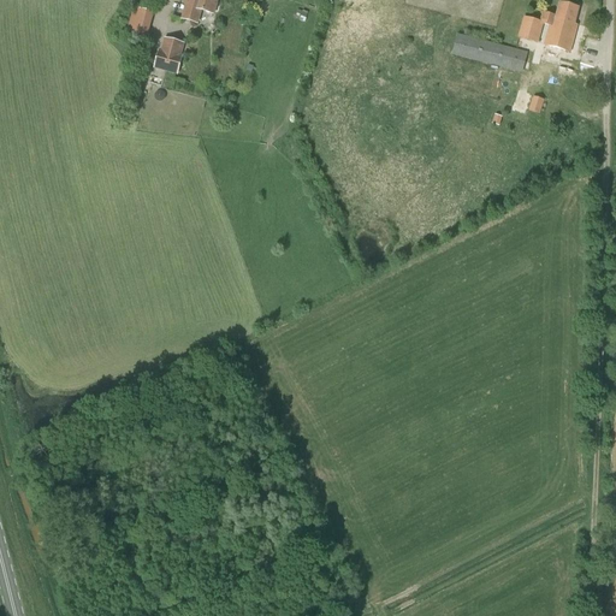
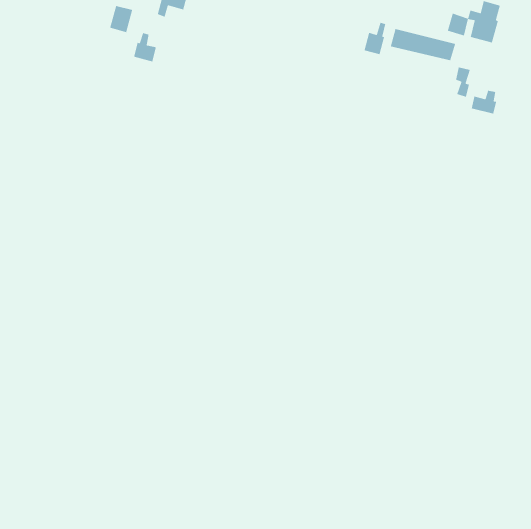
building: none -> [364,22,386,55]
building: none -> [471,90,497,114]

